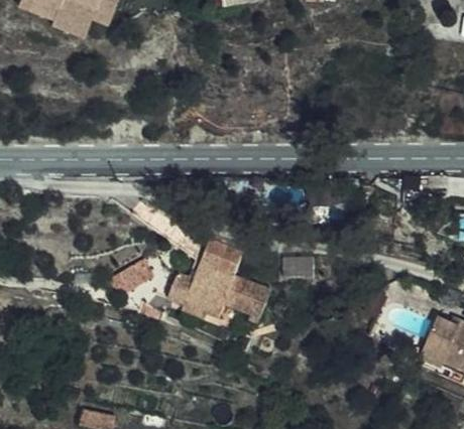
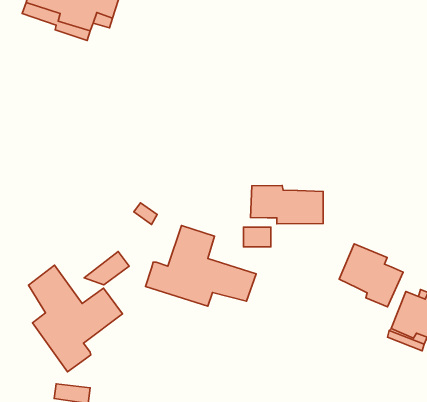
building: none -> [251,186,323,224]
building: none -> [339,244,403,307]
building: none -> [28,265,123,372]

